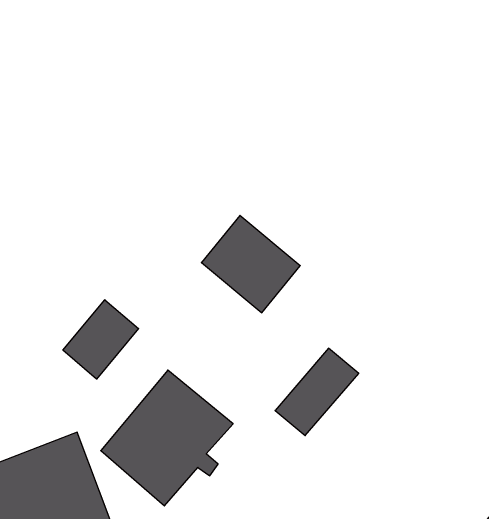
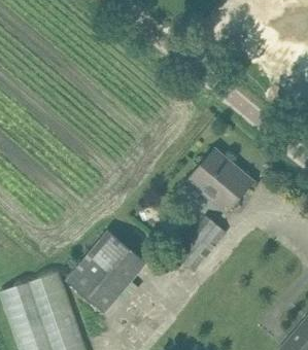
building: [201,215,300,313] -> [189,151,249,211]
building: [63,300,139,379] -> none

